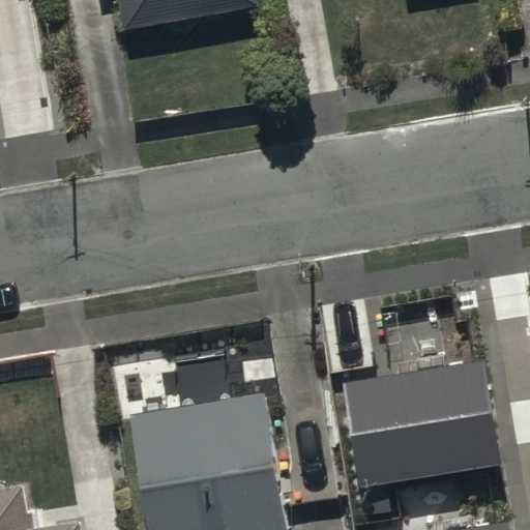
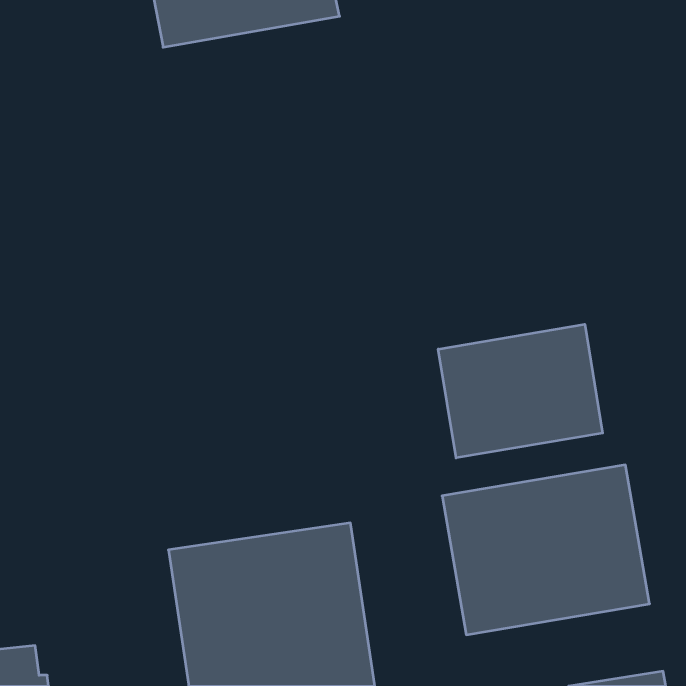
building: none -> [438,324,603,458]

